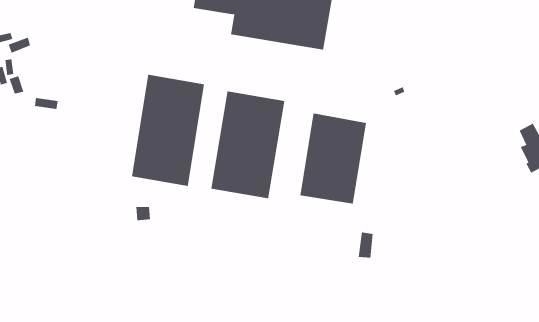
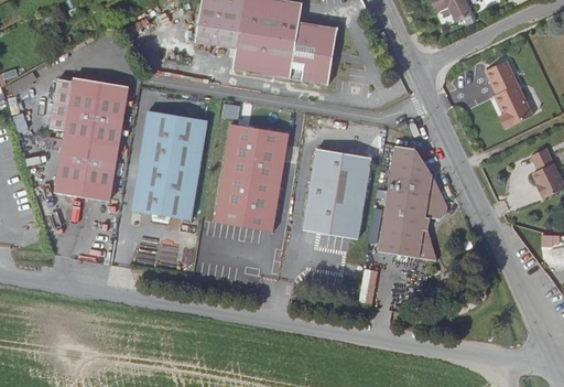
building: none -> [486,65,533,132]
building: none -> [52,76,130,202]
building: none -> [380,144,446,260]

